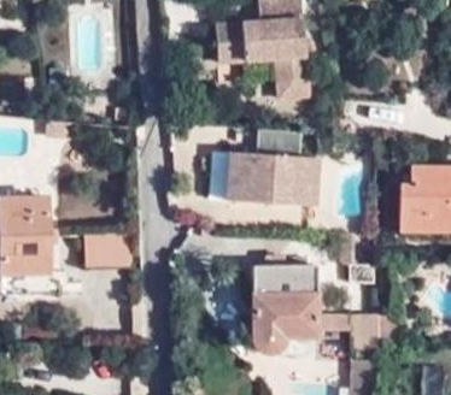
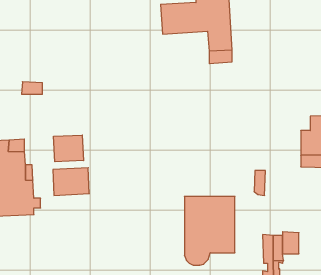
building: [224,132,316,207] -> none
building: none -> [54,135,84,162]

